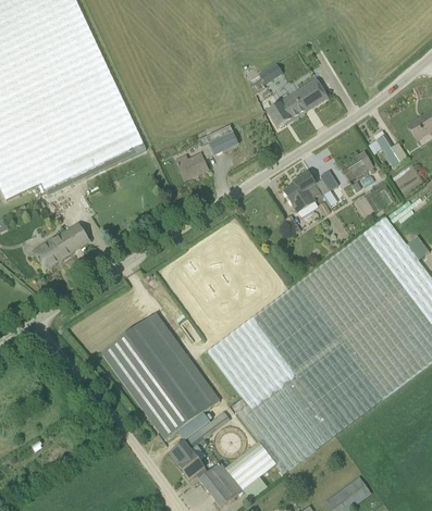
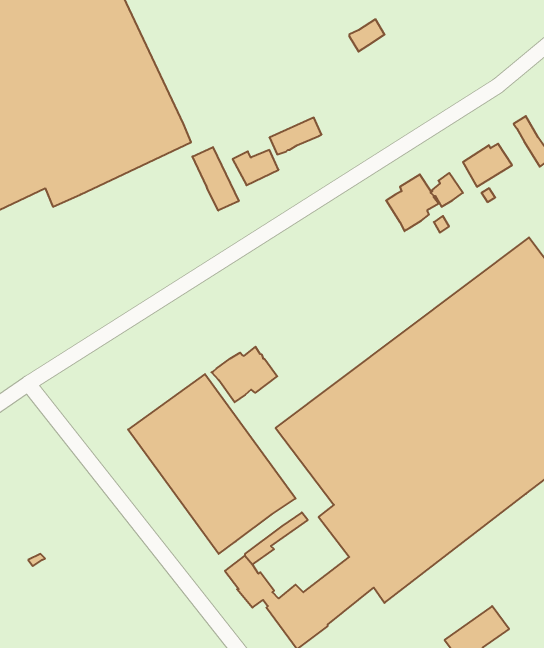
building: [268,79,328,127] -> none
building: none -> [192,147,239,211]
building: [33,223,90,270] -> none
building: none -> [211,347,277,402]

